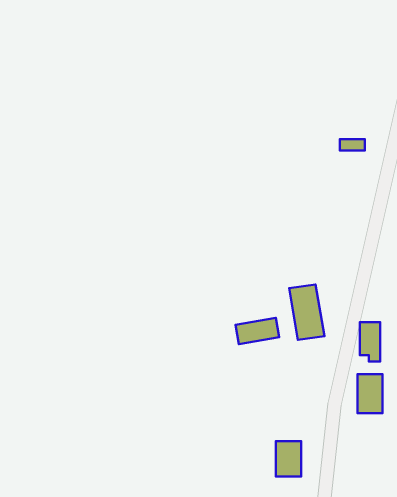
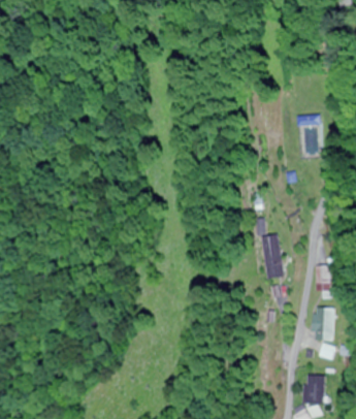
building: [236,318,279,344] -> none
building: [276,441,301,476] -> [305,376,326,405]

